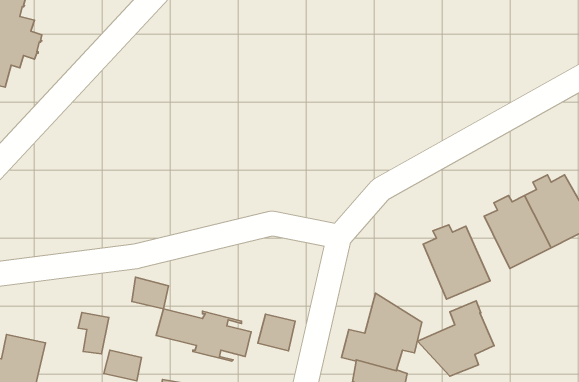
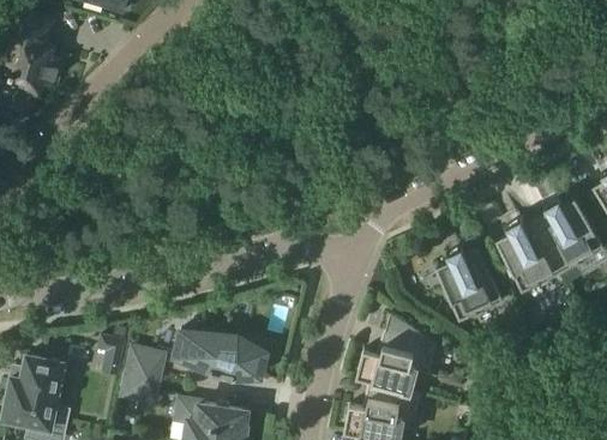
building: [132,277,168,309] -> [128,346,164,378]
building: [417,301,494,376] -> none
building: [258,314,295,351] -> none

